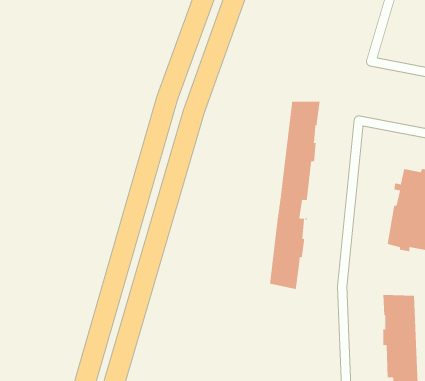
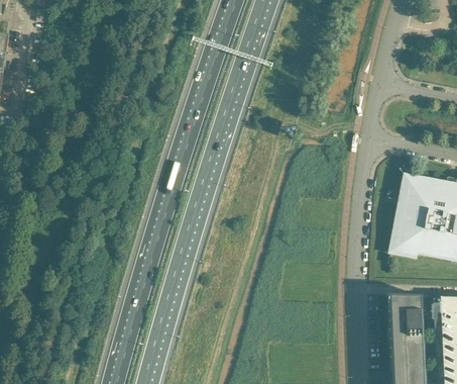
building: [270,101,320,290] -> none

